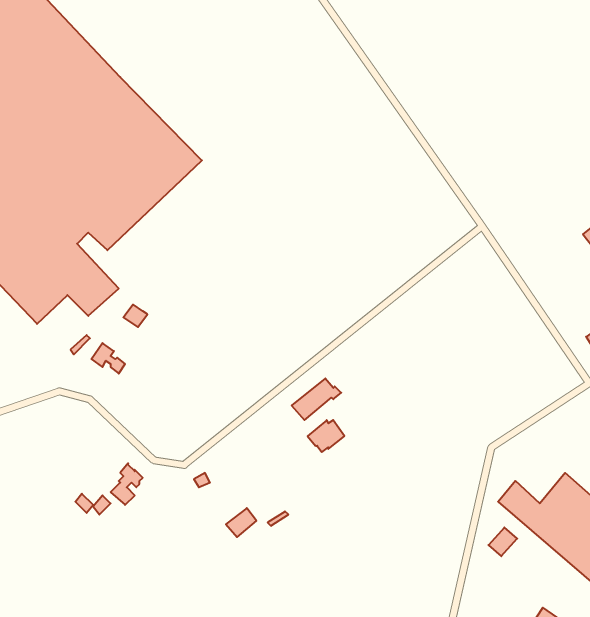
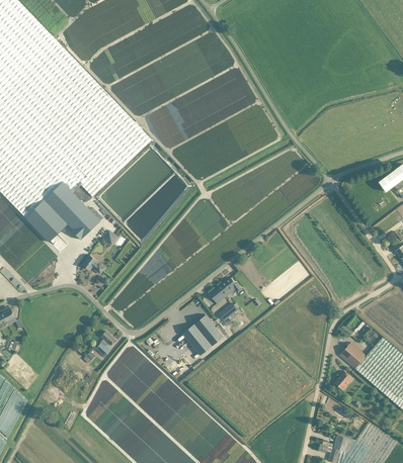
building: none -> [180,313,222,354]

